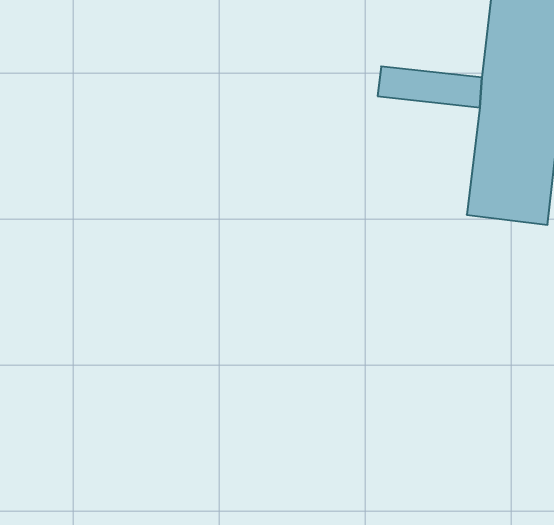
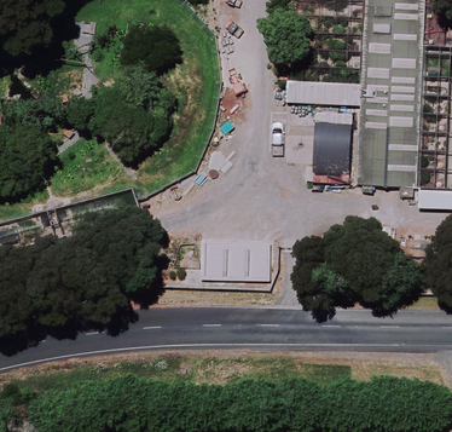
building: none -> [313,113,352,184]

